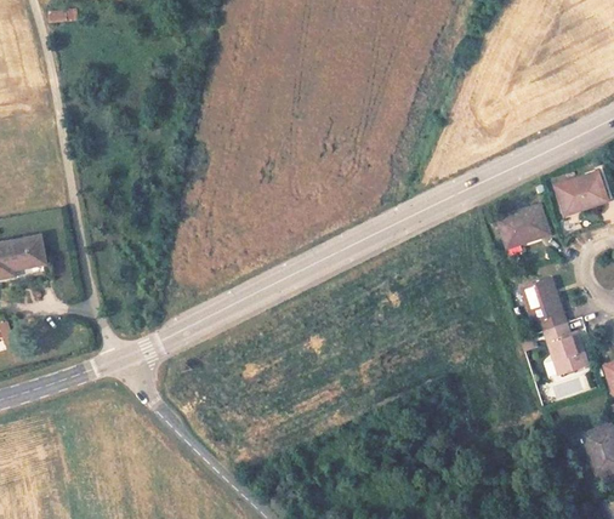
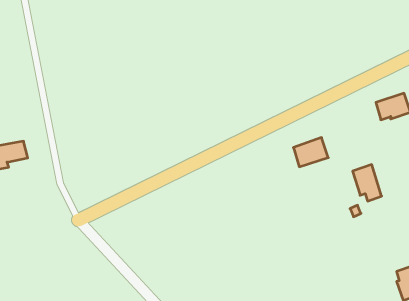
building: [499,204,550,246] -> [293,138,328,167]
building: [545,321,589,375] -> none

